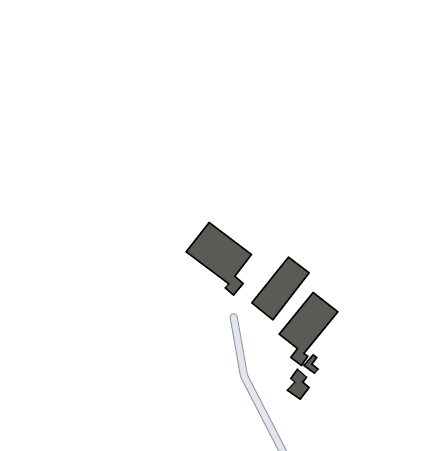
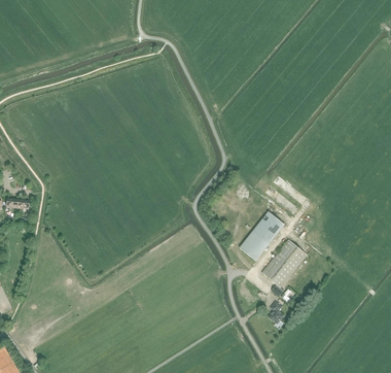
building: [186,223,251,295] -> none

